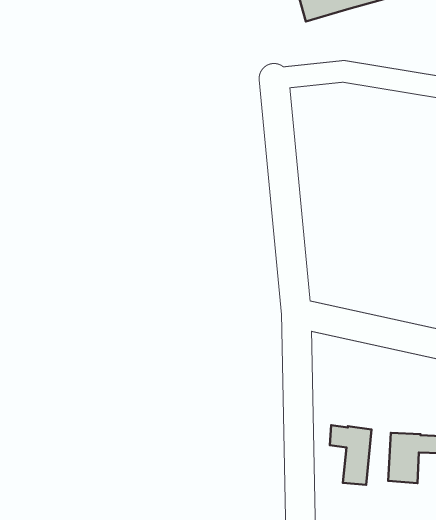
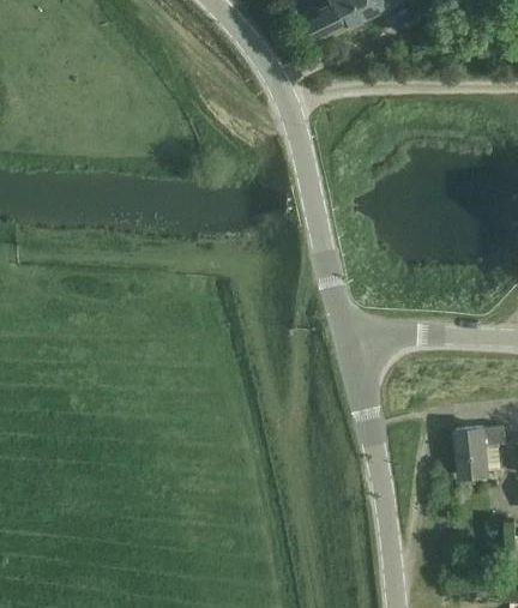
building: [330,425,371,485] -> none

